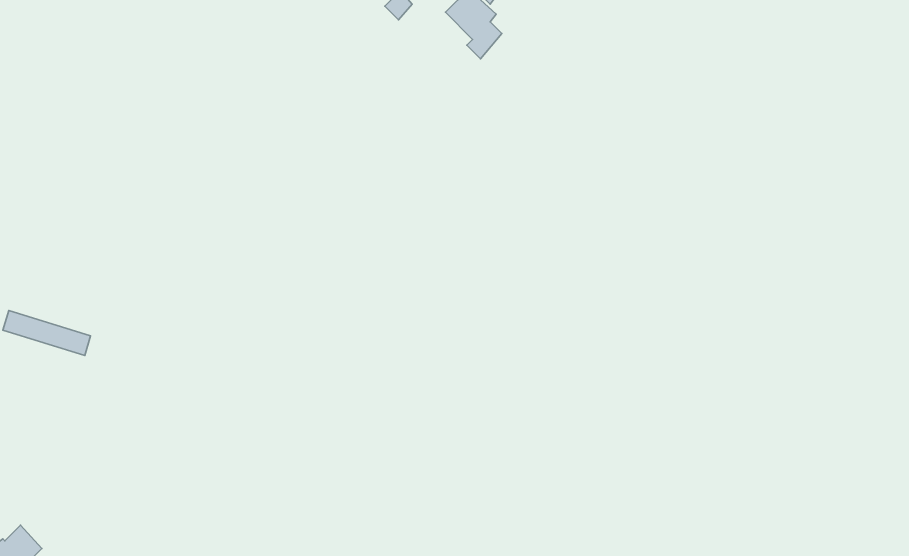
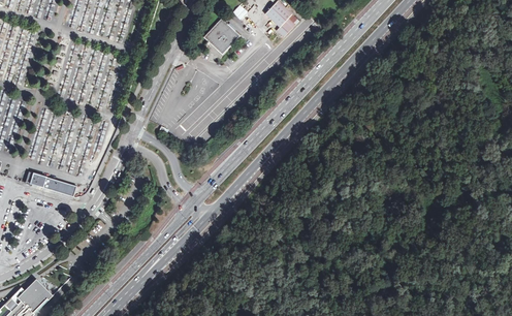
building: none -> [202,18,238,54]

